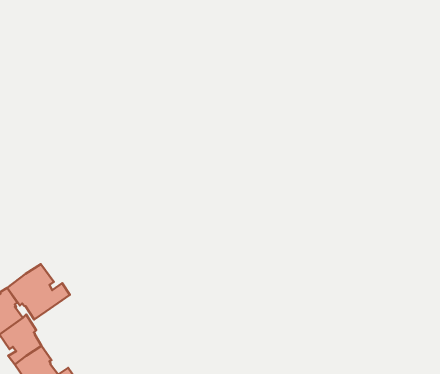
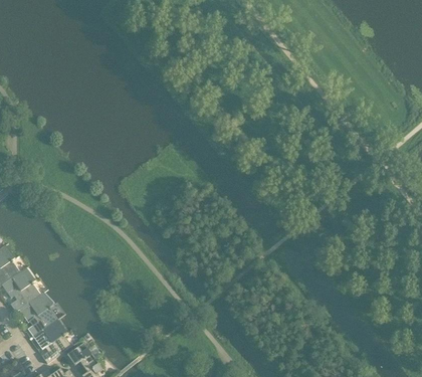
building: [7,264,70,319] -> none

